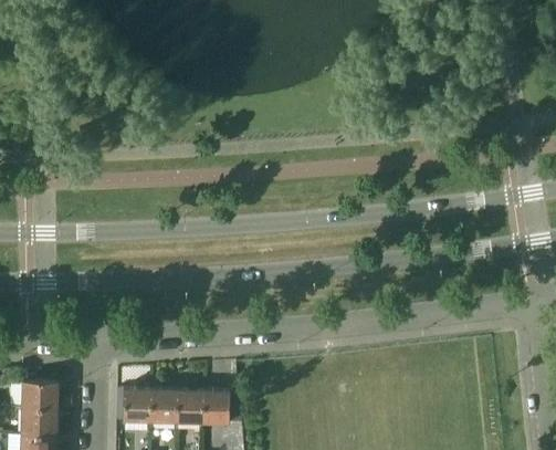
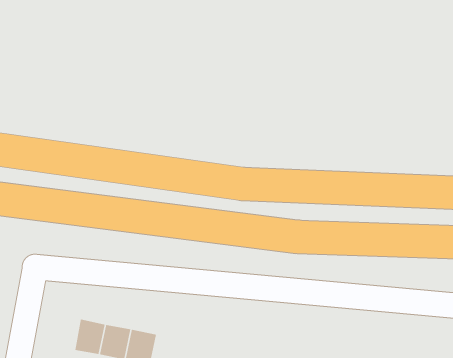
building: [123,389,150,421] -> none

